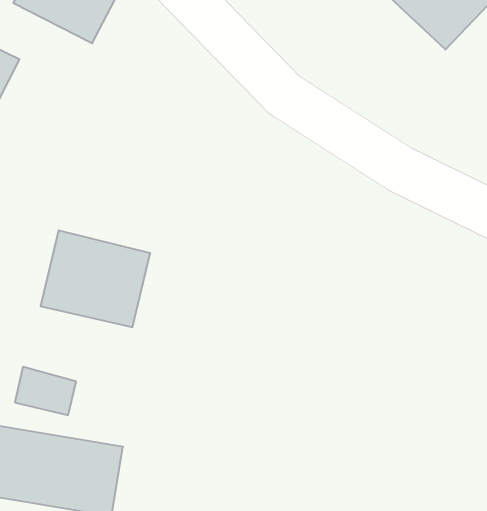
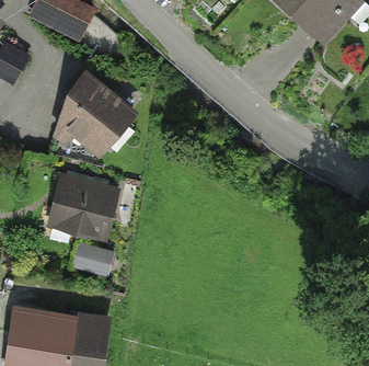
building: none -> [48,73,137,161]
building: [15,367,76,415] -> [72,244,114,277]

